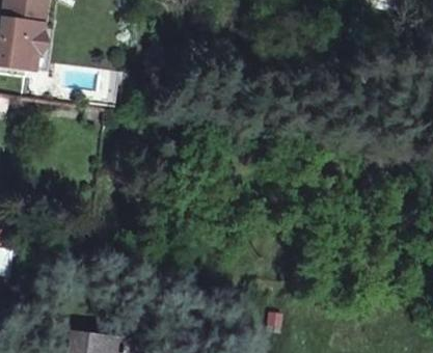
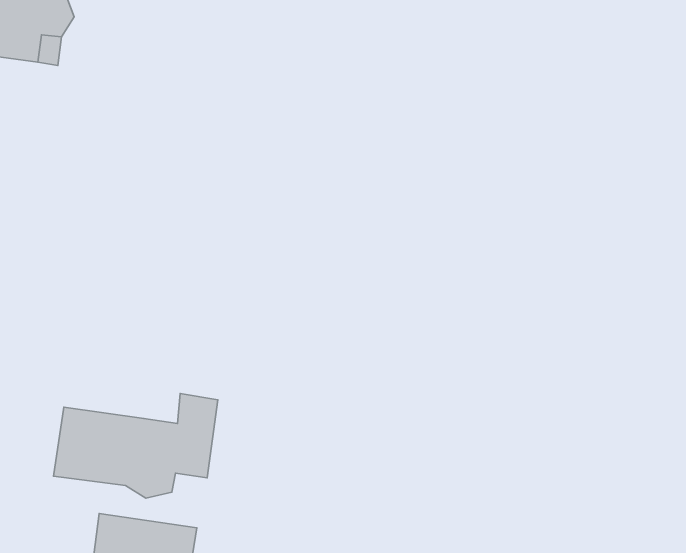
building: none -> [54,394,218,498]

